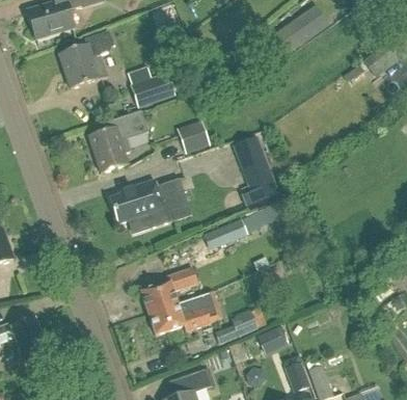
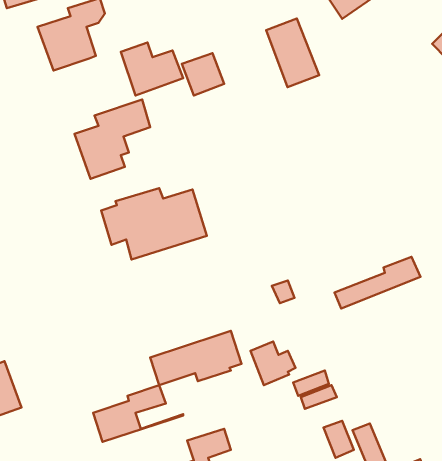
building: [175,119,209,153] -> [182,53,224,96]
building: [233,136,274,190] -> [266,18,319,87]
building: [201,206,269,246] -> [335,257,421,308]
building: [141,268,212,313] -> [93,385,183,442]

